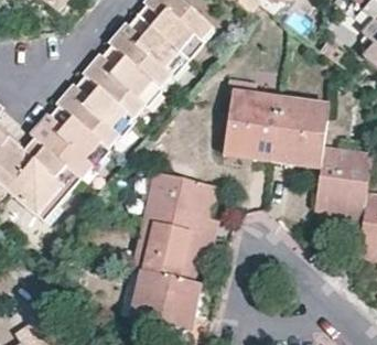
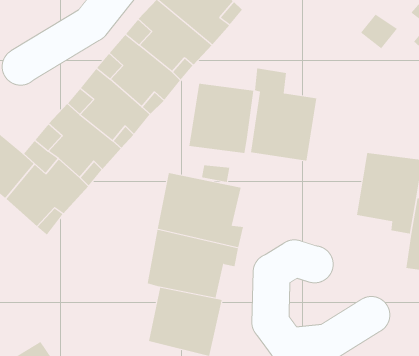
building: [272,105,330,166] -> [188,83,254,154]

